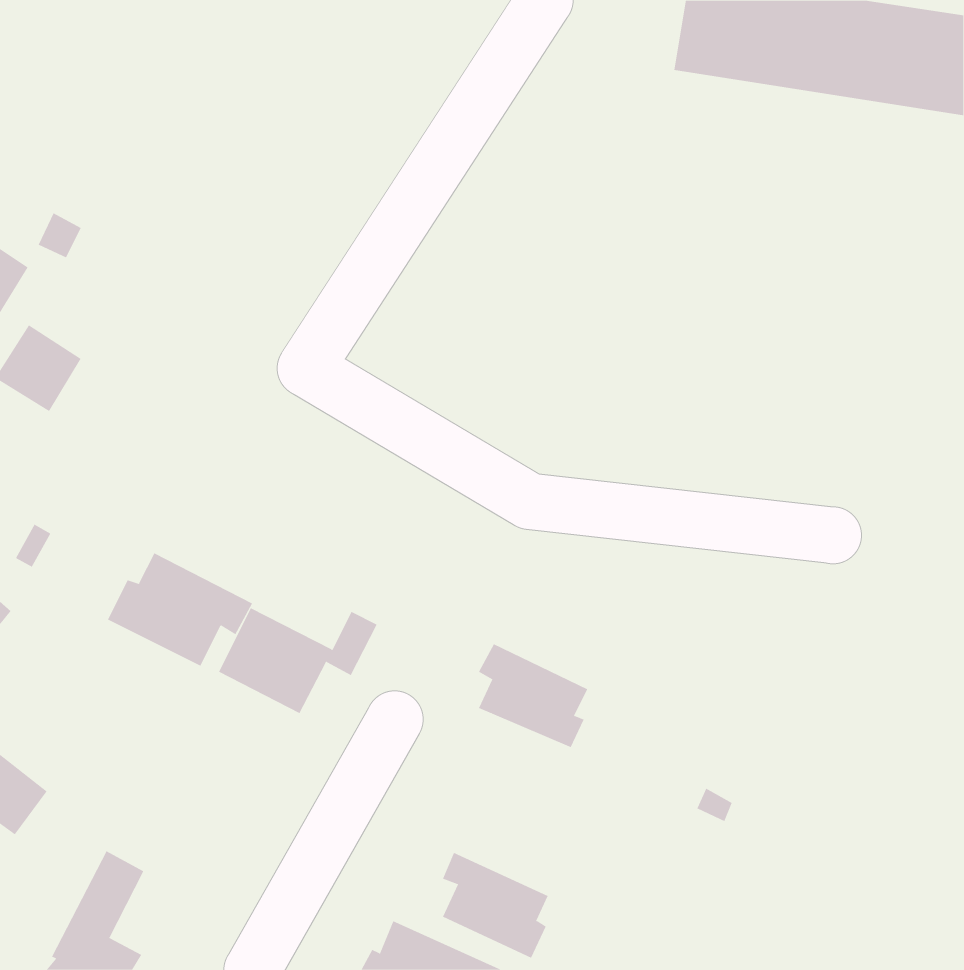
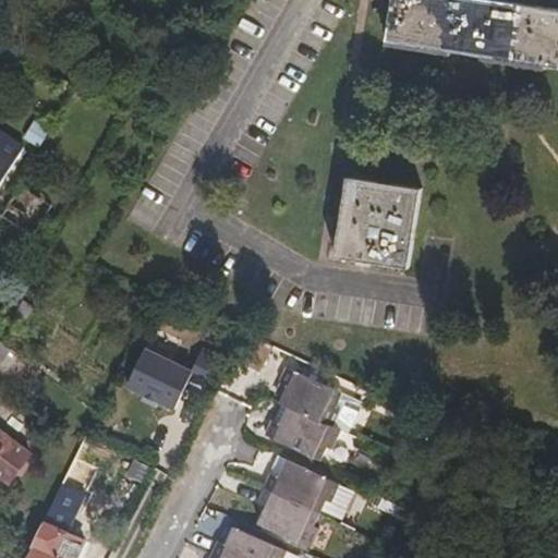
building: none -> [335,174,423,268]
building: [107,553,253,667] -> none
building: none -> [262,407,336,462]
building: none -> [260,464,352,526]

